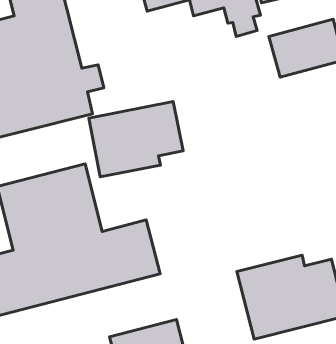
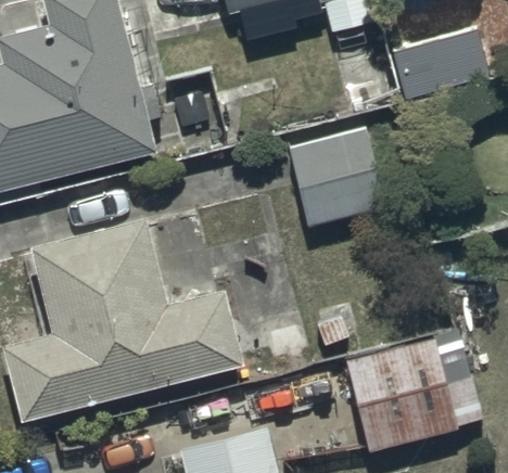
building: none -> [292,129,396,228]
building: [89,101,183,177] -> none

